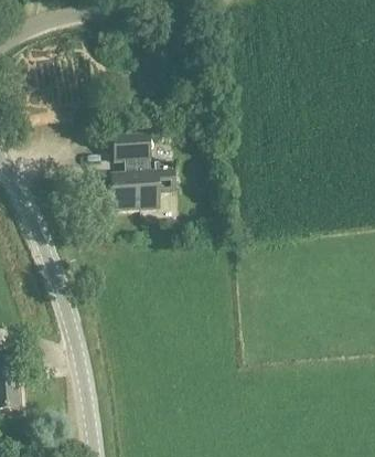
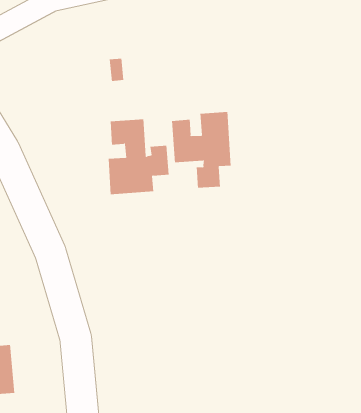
building: none -> [172,111,231,188]

